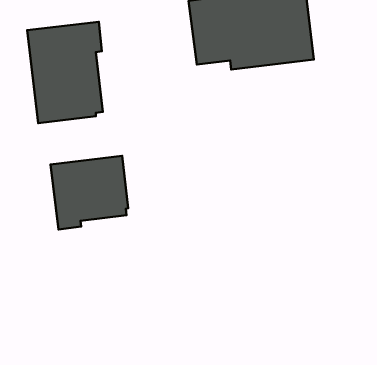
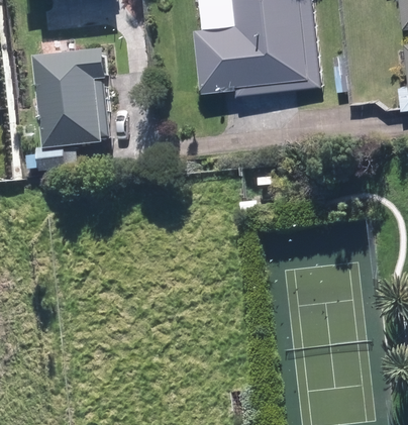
building: [50,156,128,230] -> none

